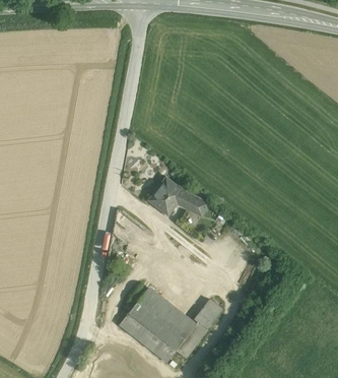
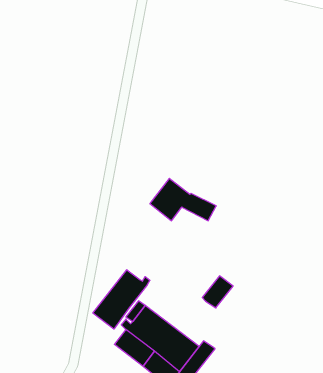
building: none -> [93,270,150,329]
building: [195,299,222,327] -> [202,276,233,308]

